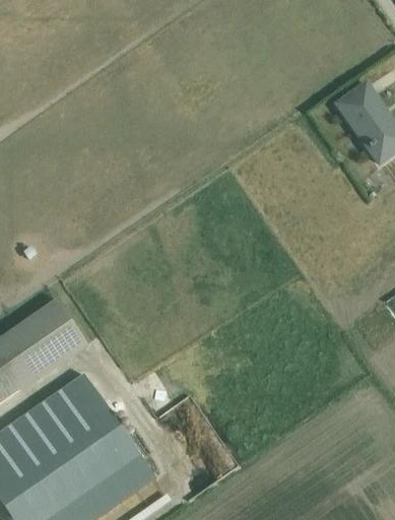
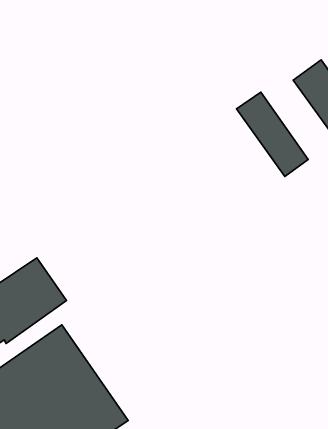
building: none -> [237,92,308,176]

